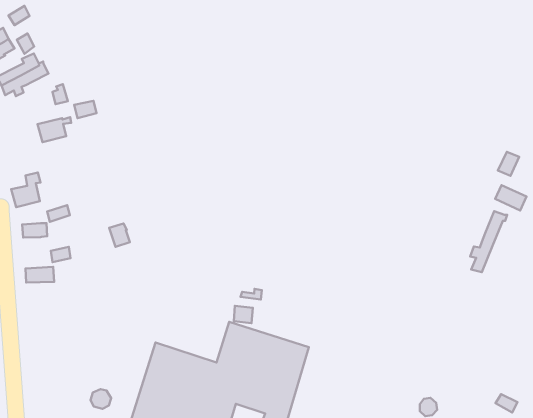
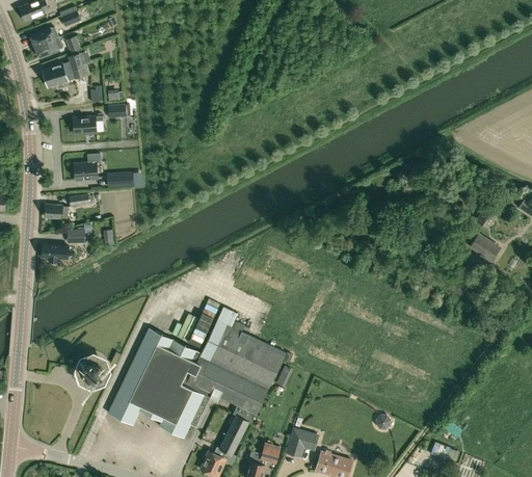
building: [11,172,41,207] -> [74,152,101,180]
building: none -> [107,173,134,188]
building: [470,211,507,272] -> none

